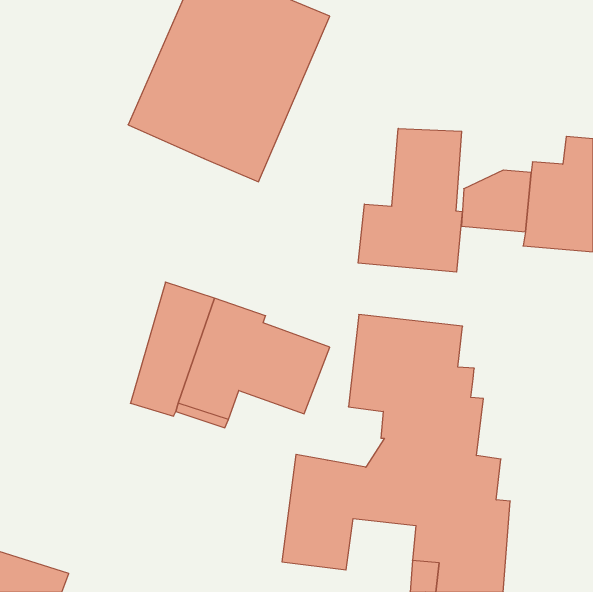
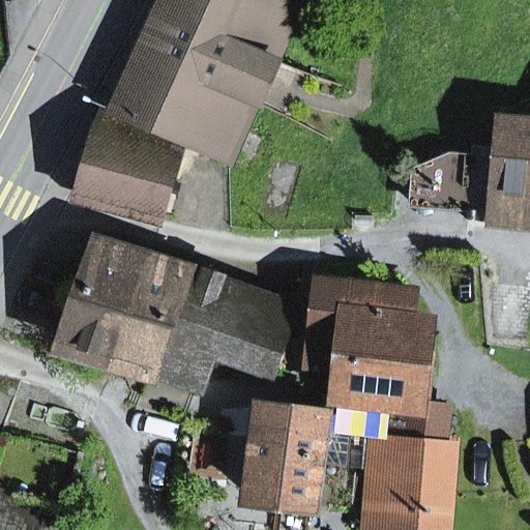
building: none -> [79,111,181,215]
building: [358,128,462,272] -> none
building: none -> [60,234,147,358]

